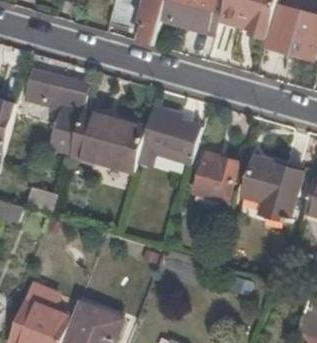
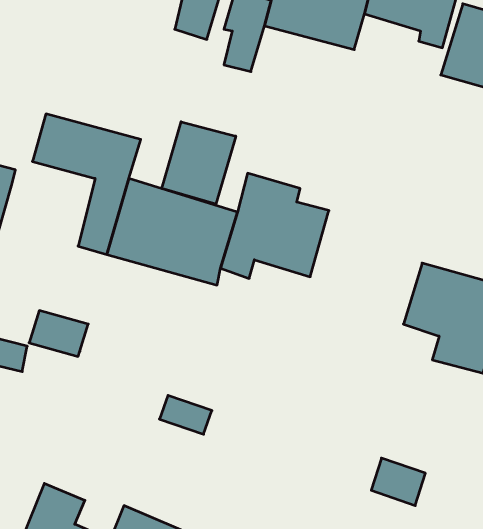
building: none -> [162,122,236,204]
building: [192,156,237,205] -> none

